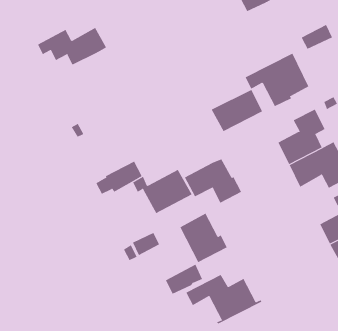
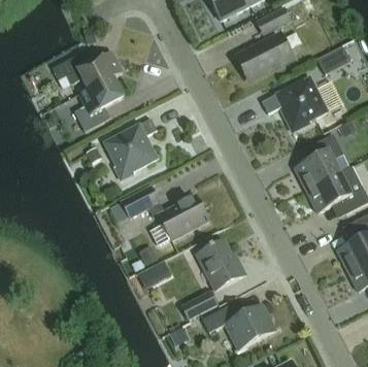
building: none -> [74,76,124,131]
building: [211,89,263,132] -> [238,35,291,78]
building: none -> [104,118,157,179]
building: [184,159,242,204] -> none

